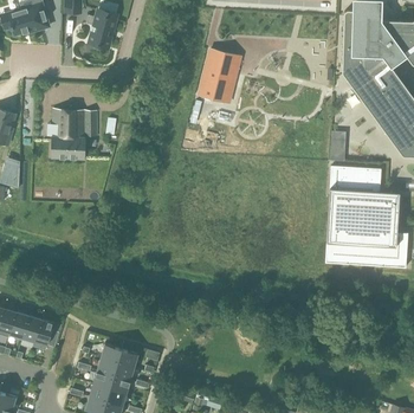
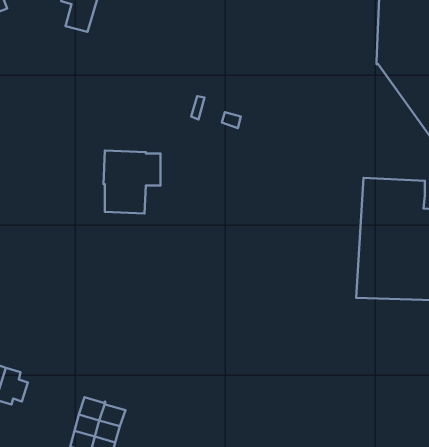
building: [199,49,238,102] -> none
building: [51,108,97,159] -> [103,151,160,213]

